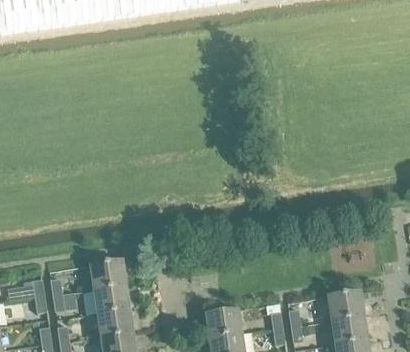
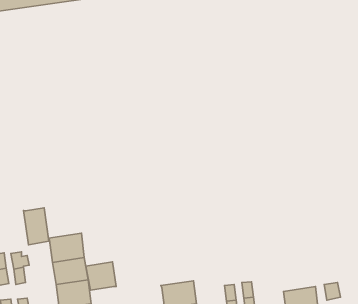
building: none -> [24,208,49,245]
building: none -> [86,262,116,290]
building: [327,291,364,320] -> none

